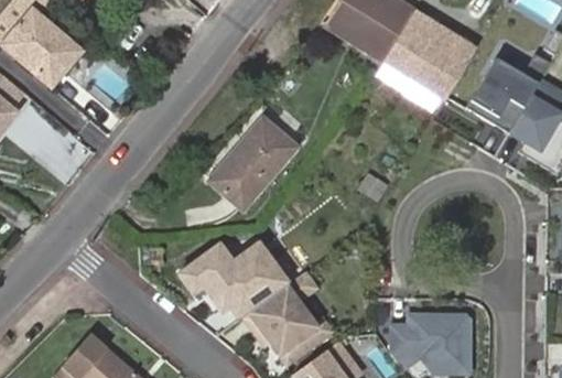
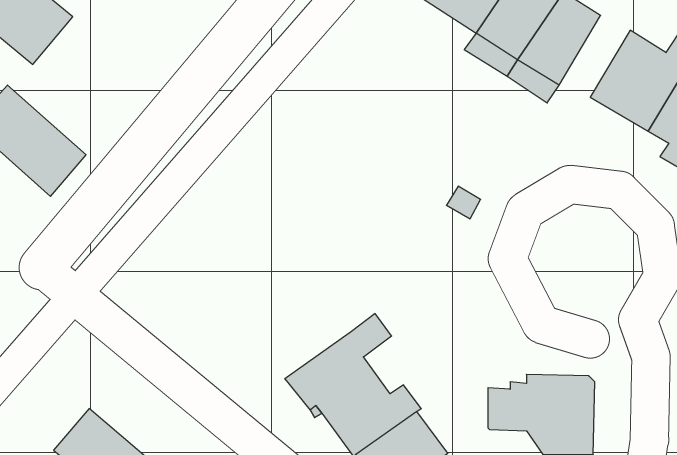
building: [209,120,295,207] -> none
building: [180,239,290,317] -> none

